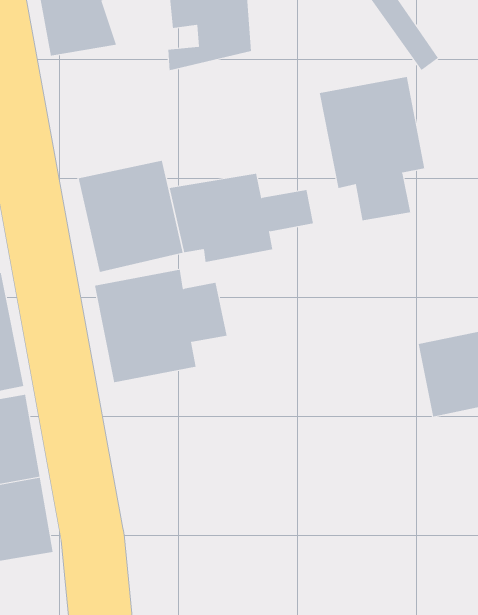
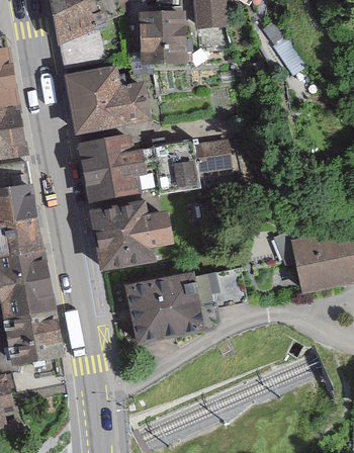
building: none -> [65,62,149,131]
building: [319,76,425,221] -> none
building: none -> [123,266,245,341]

